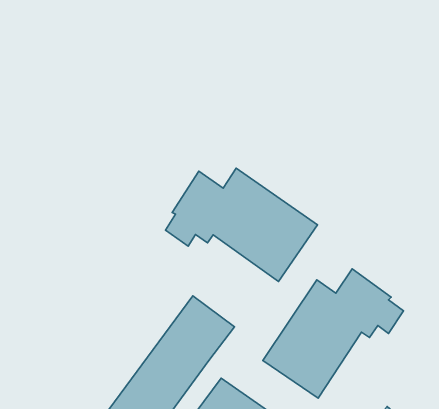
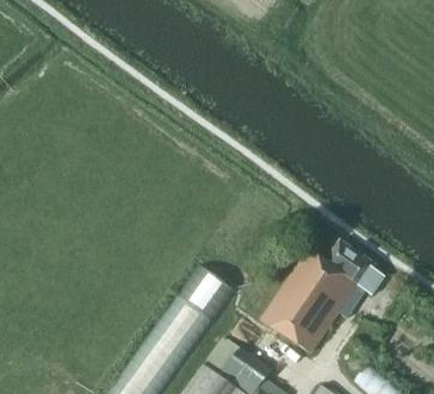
building: [165,168,317,281] -> none

